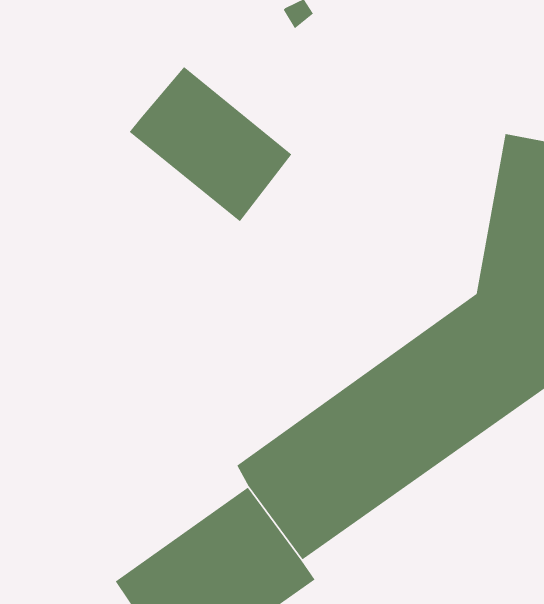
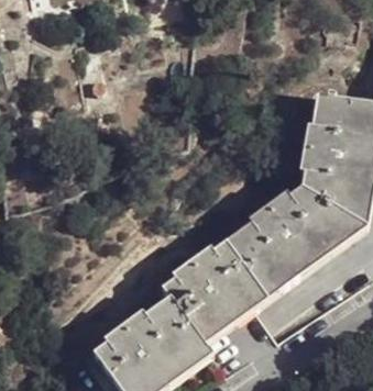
building: [129,66,292,222] -> none

